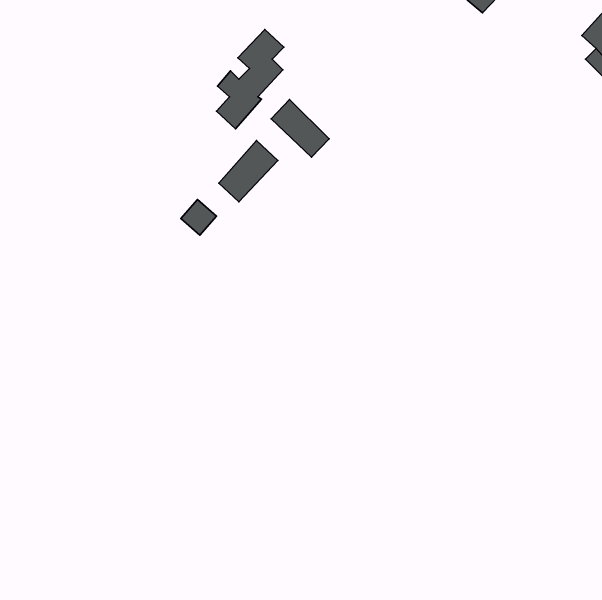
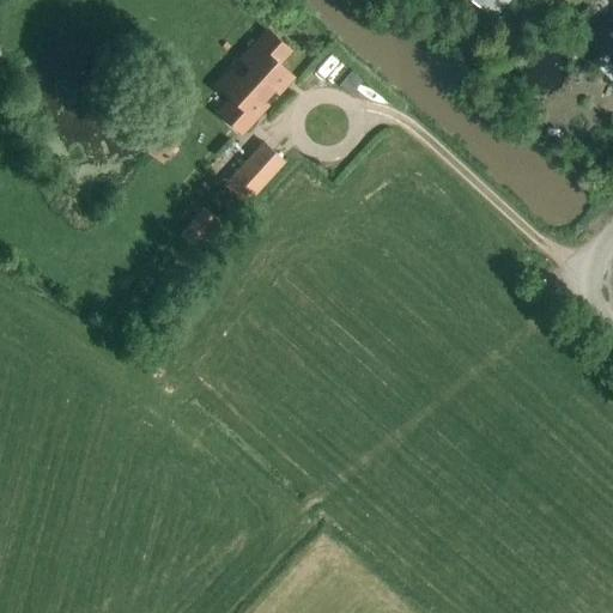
building: [271,99,329,157] -> none

